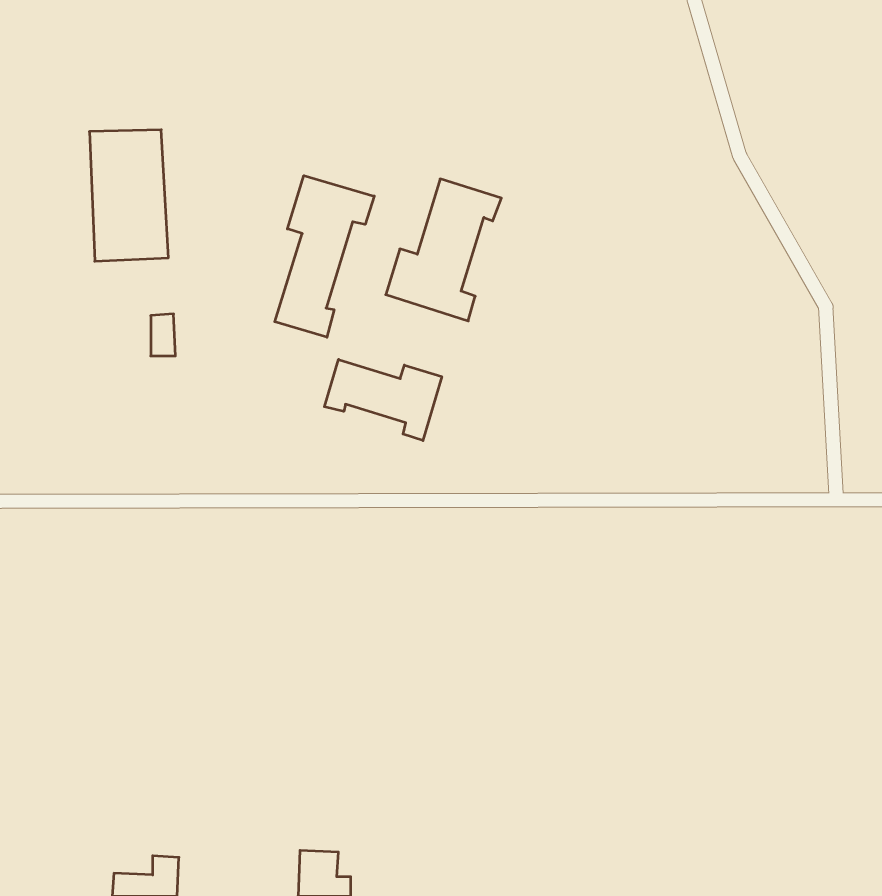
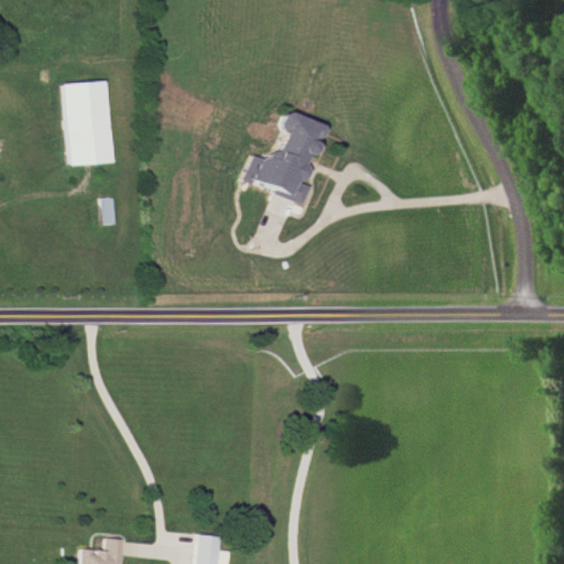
building: [275,176,374,337] -> none
building: [324,359,442,441] -> none

